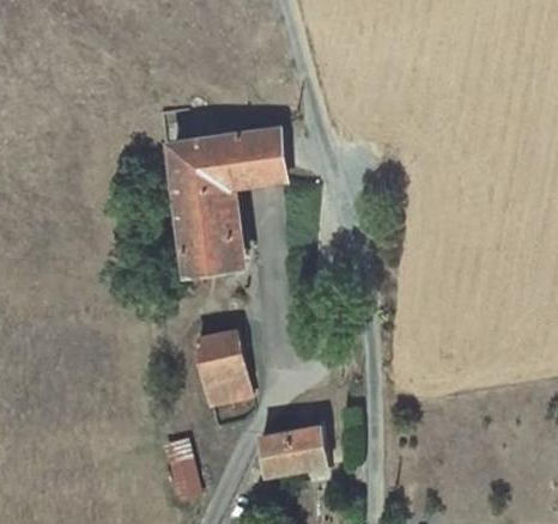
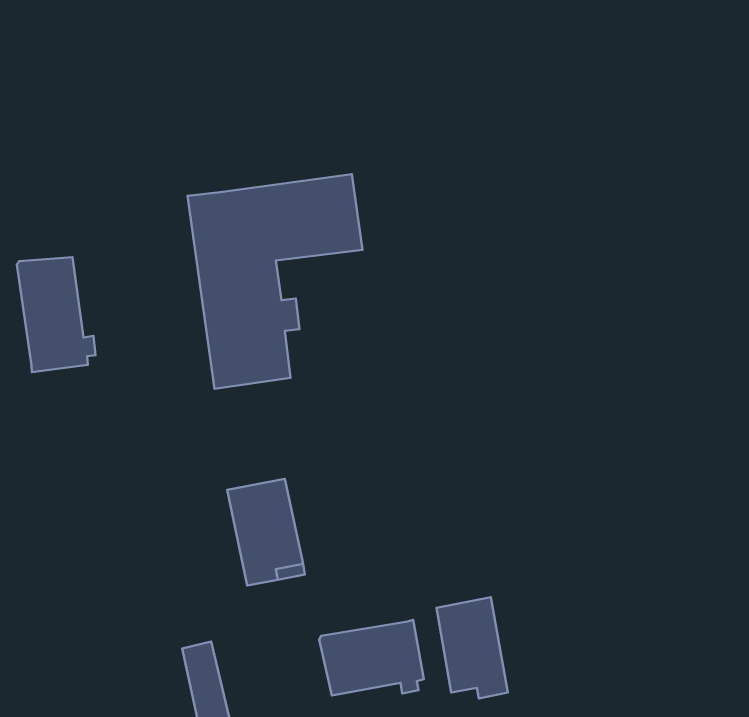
building: none -> [17,257,96,372]
building: none -> [437,597,508,699]

